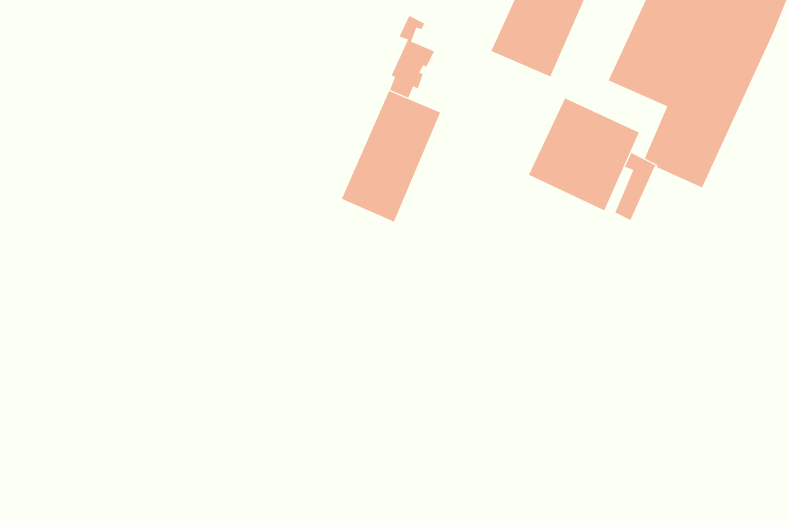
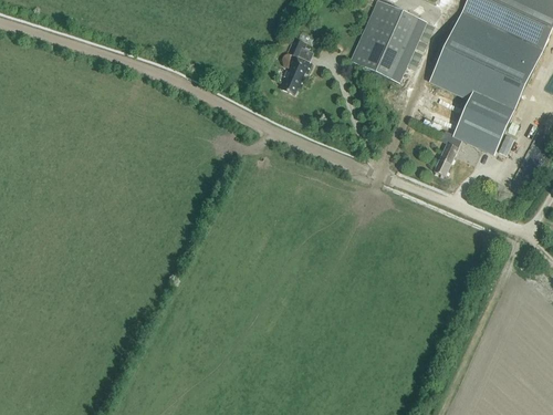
building: [341,90,441,223] -> none
building: [528,97,640,211] -> none

